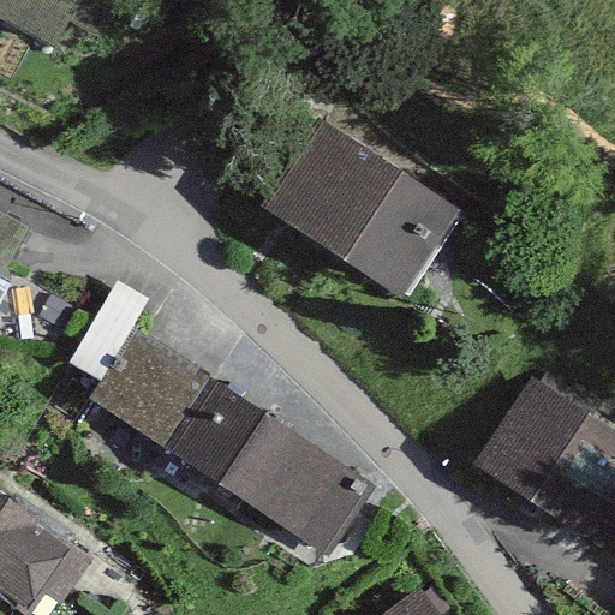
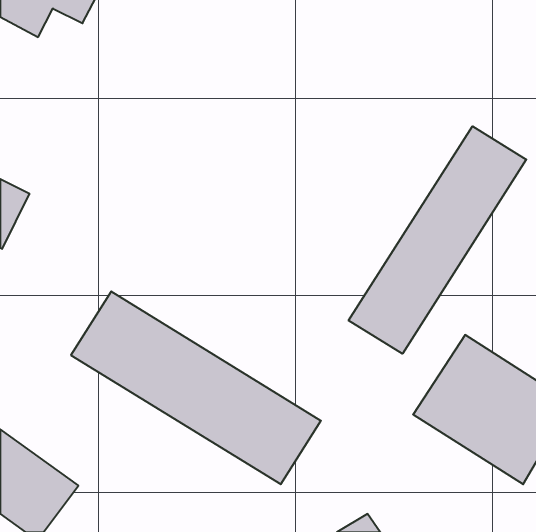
building: [262,118,456,291] -> none
building: none -> [349,126,526,354]

